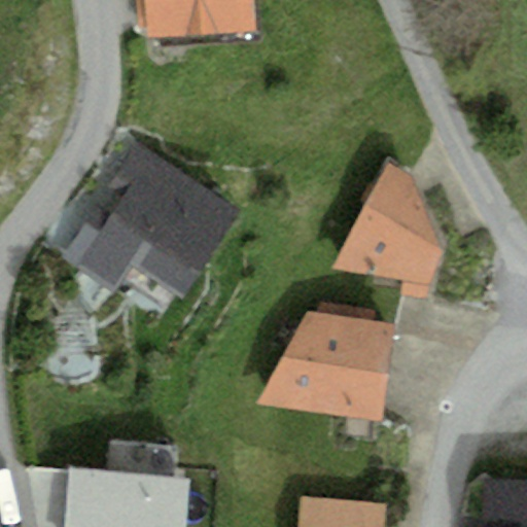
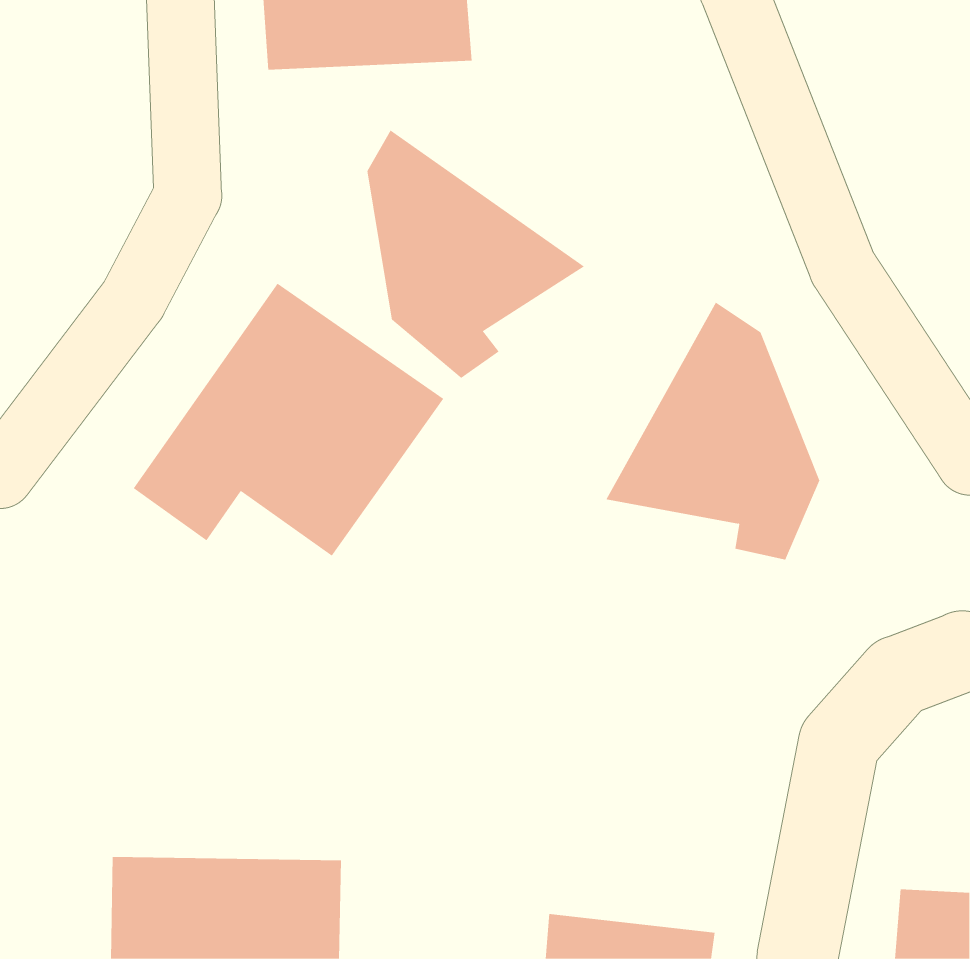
building: none -> [367,129,585,379]
building: [257,301,396,423] -> none

